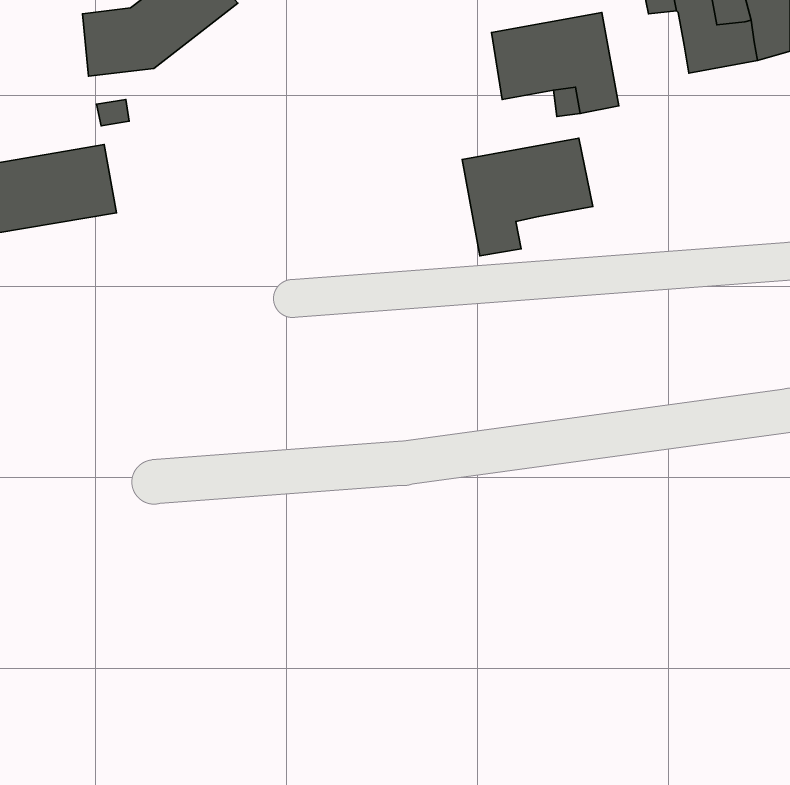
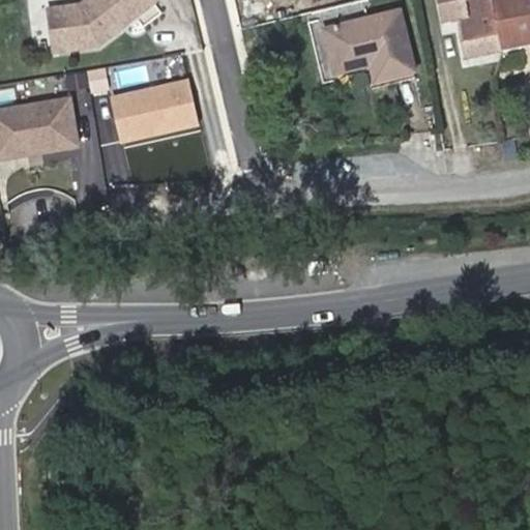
building: none -> [113,85,199,146]
building: [462,138,593,256] -> none

